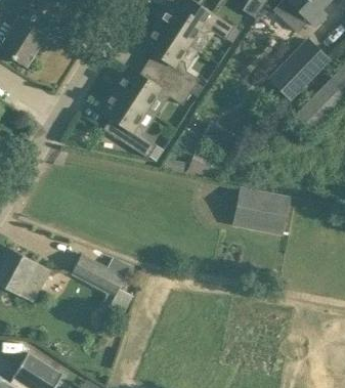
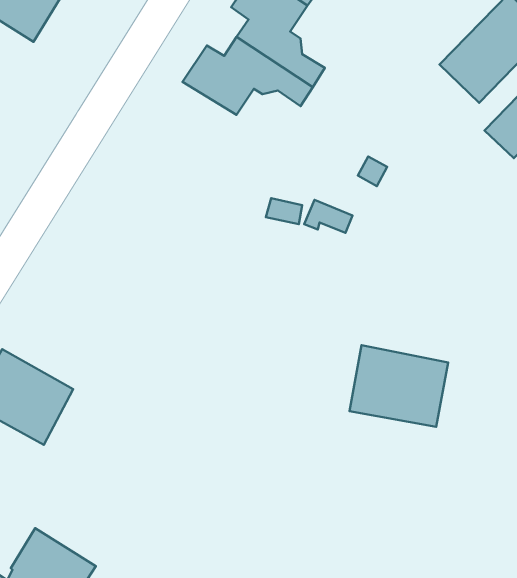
building: [101,89,157,158] -> none
building: [232,186,291,234] -> [349,345,448,427]
building: [72,253,125,297] -> none

